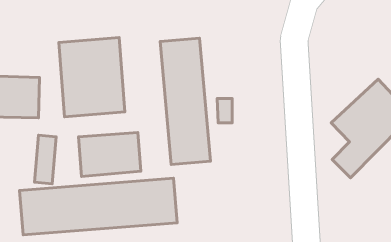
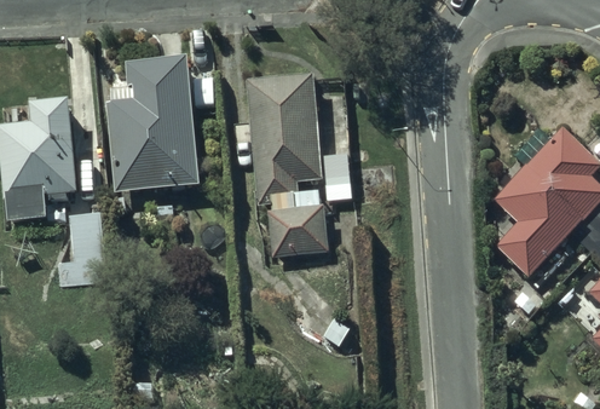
building: [78,133,141,177] -> none
building: [19,178,177,235] -> none

